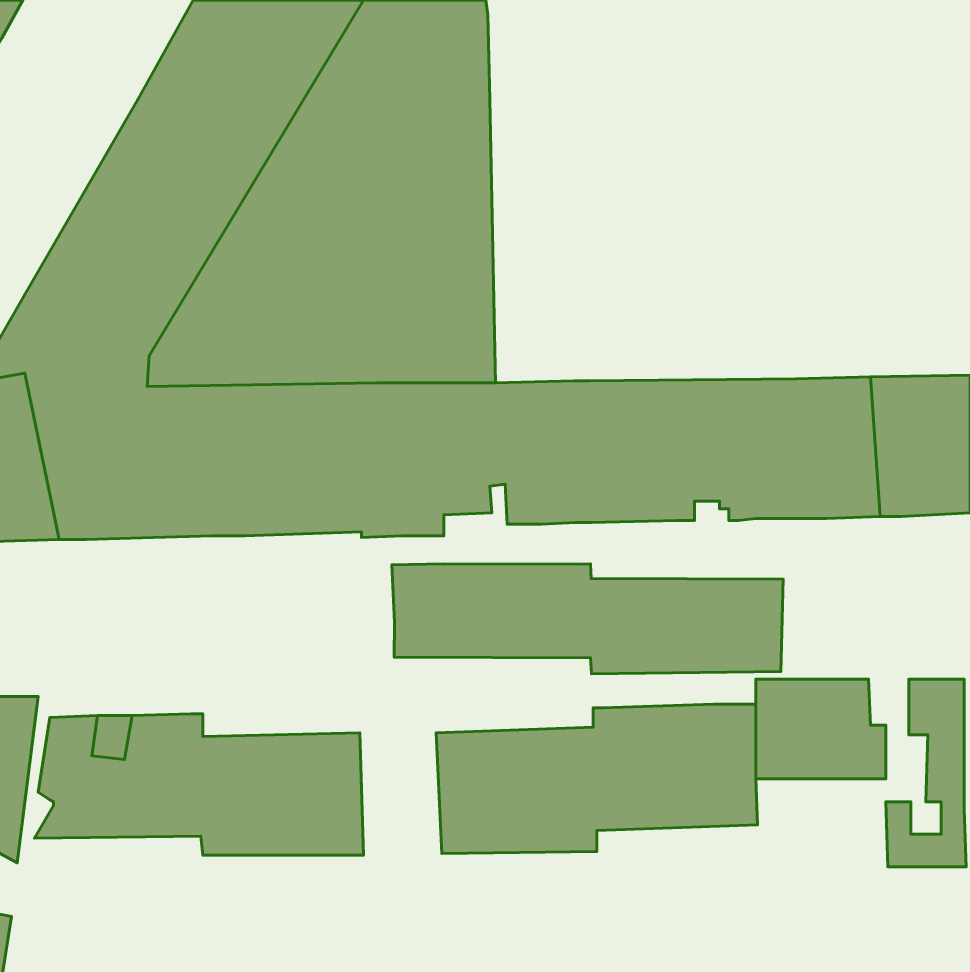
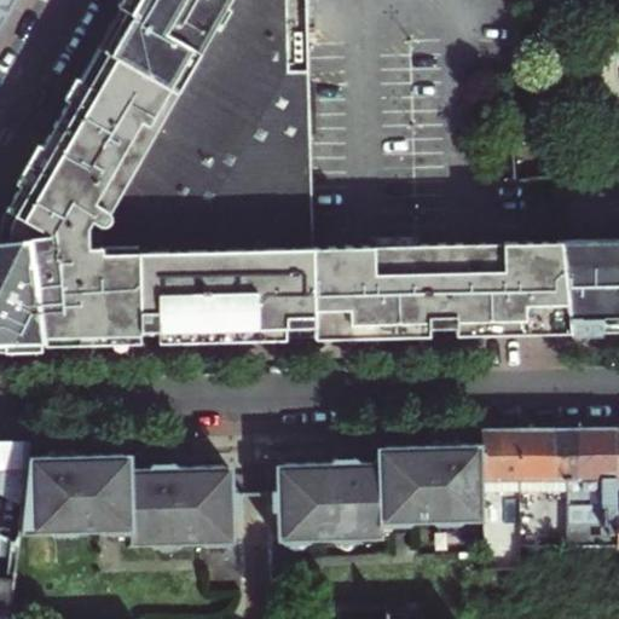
building: [392,564,783,674] -> none
building: none -> [549,433,586,510]

